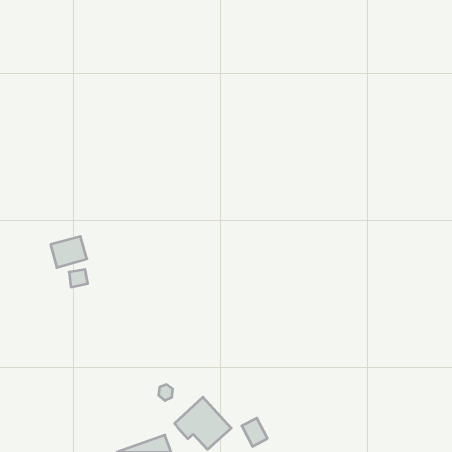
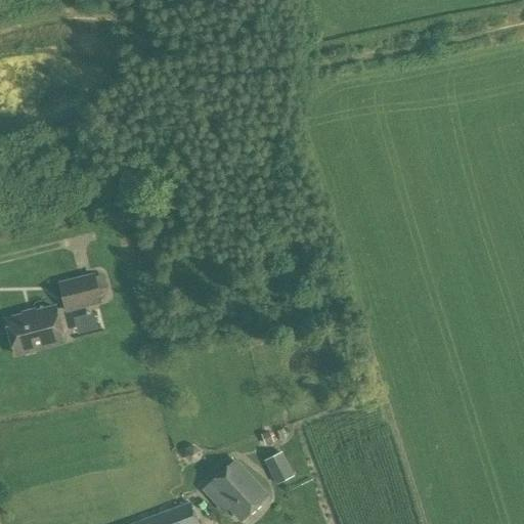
building: none -> [6,306,63,353]
building: [242,418,267,446] -> [263,451,293,484]

